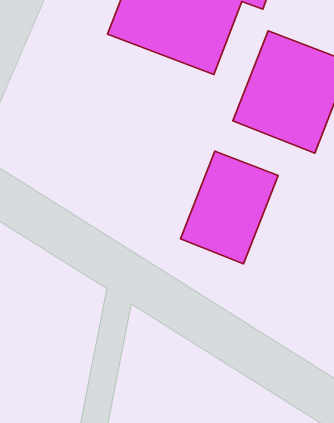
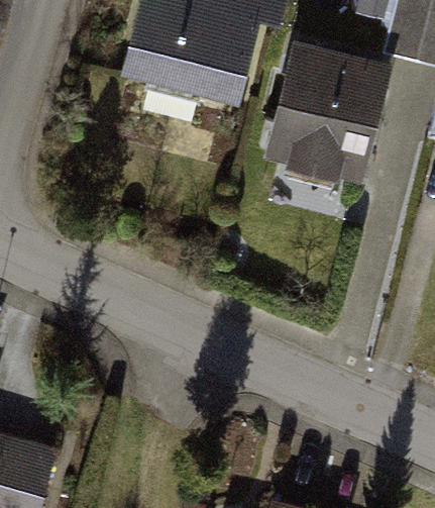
building: [181,151,278,264] -> none

